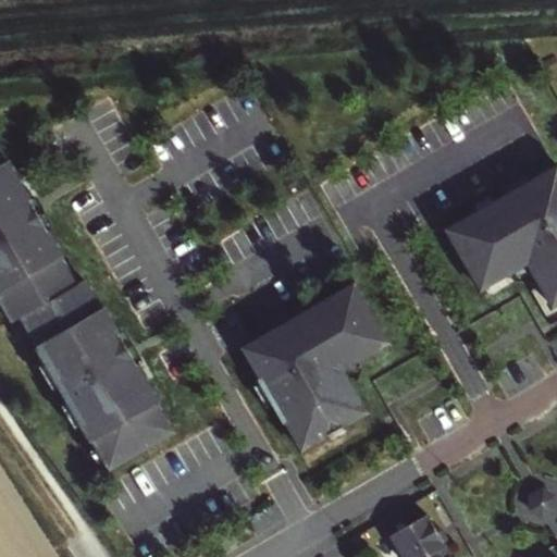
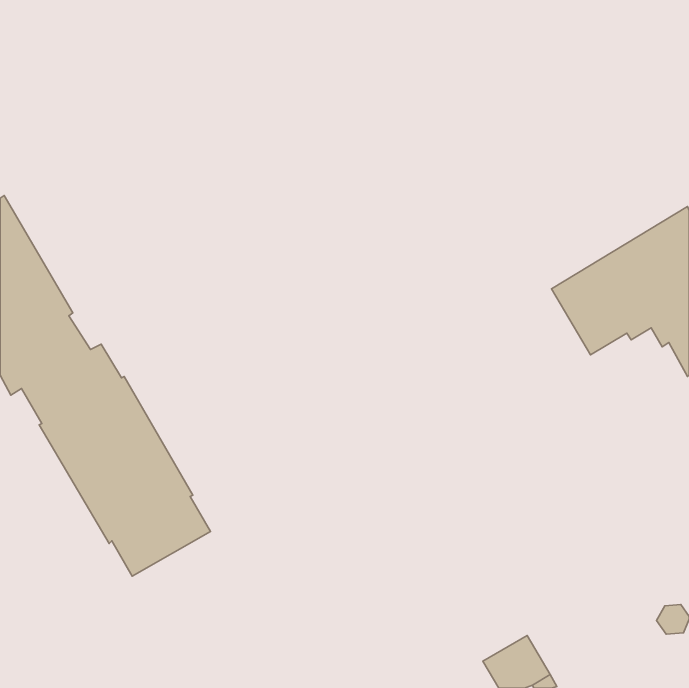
building: [242,287,384,454] -> none

